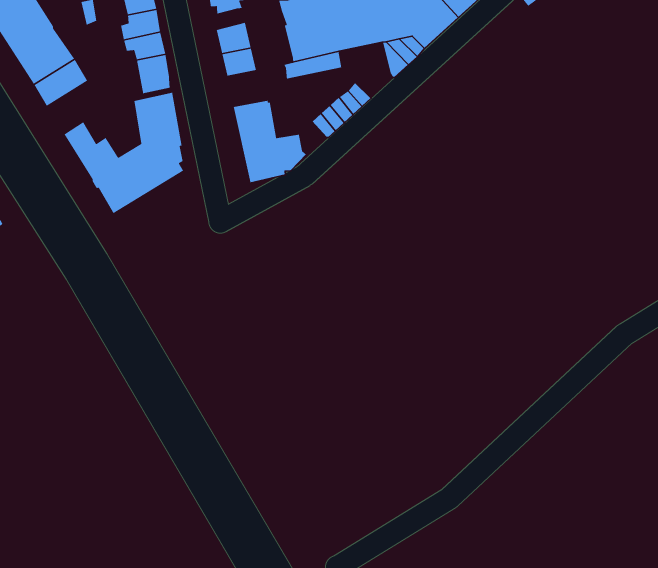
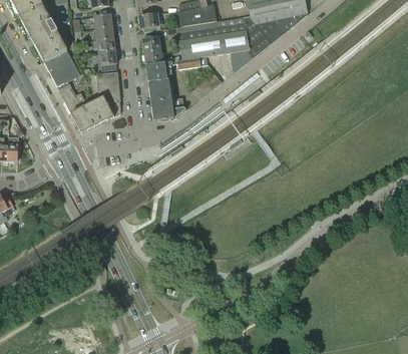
building: none -> [146,60,177,80]
building: none -> [50,61,80,86]

